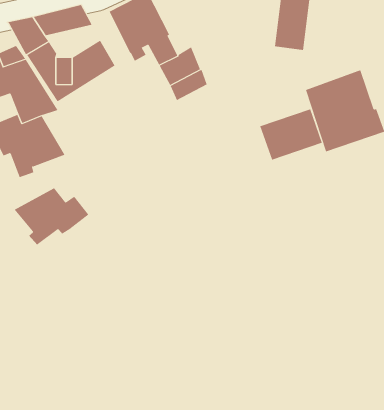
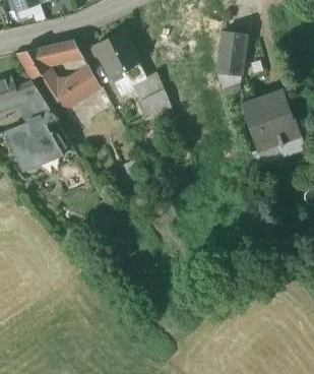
building: [260,109,323,160] -> none
building: [14,188,89,245] -> none

